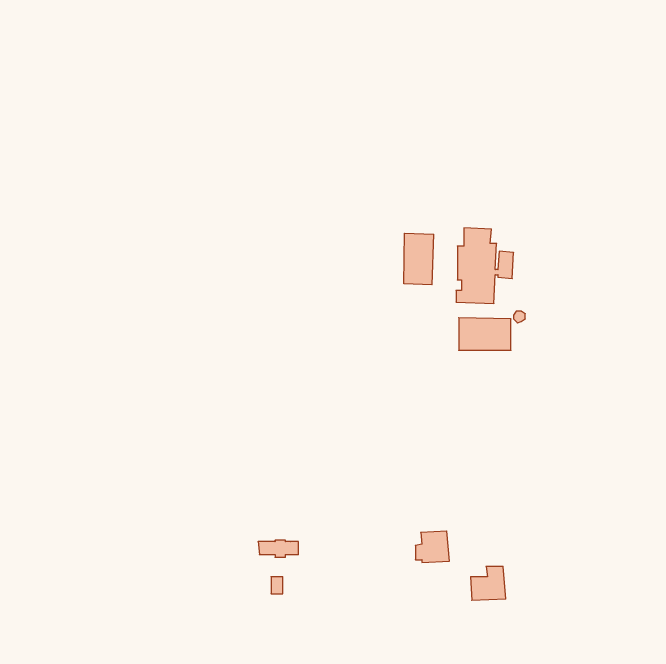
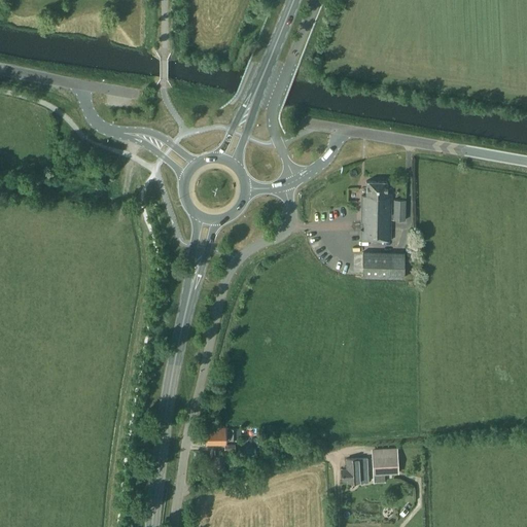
building: [404,233,434,285] -> none
building: [415,531,449,562] -> [342,459,368,484]

